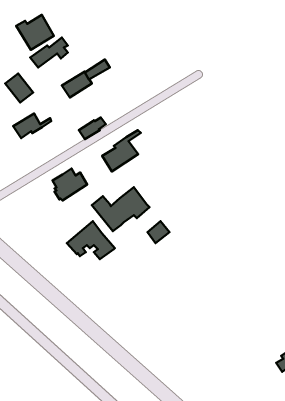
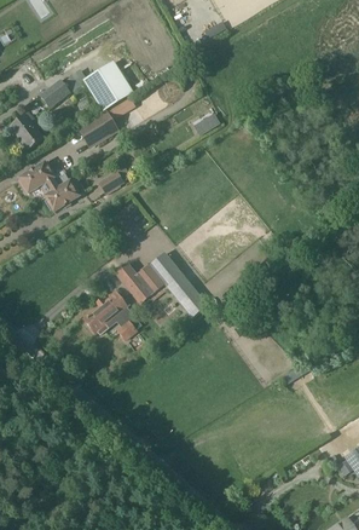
building: [16,15,54,50] -> [85,69,131,111]
building: [102,130,141,172] -> none
building: [52,169,87,201] -> [42,173,85,212]

